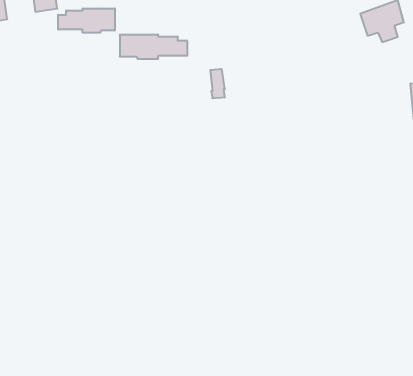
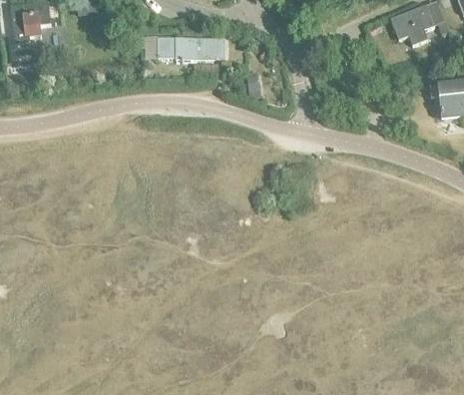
building: [58,8,115,33] -> none

